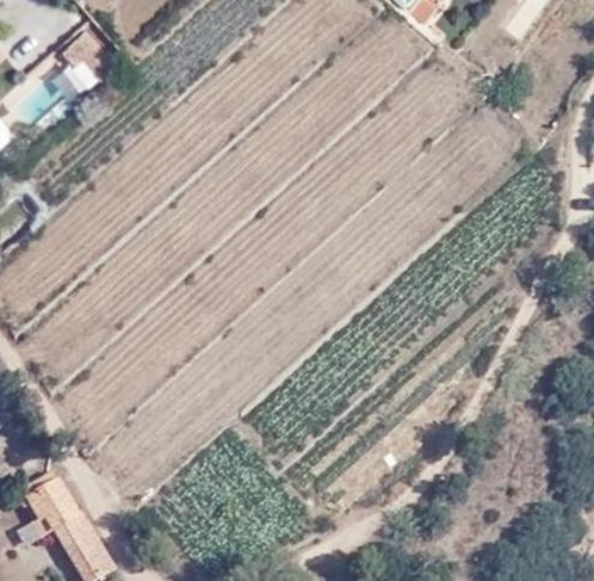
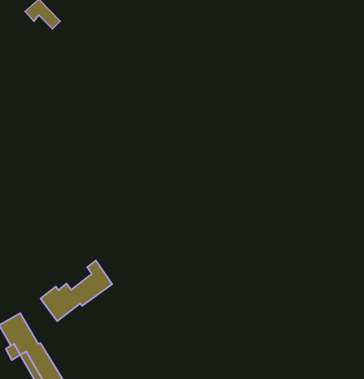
building: none -> [41,260,112,321]

